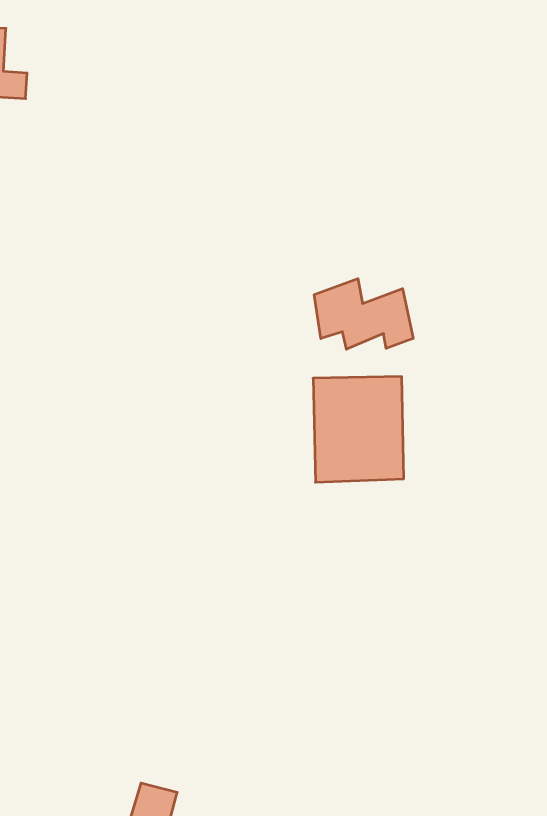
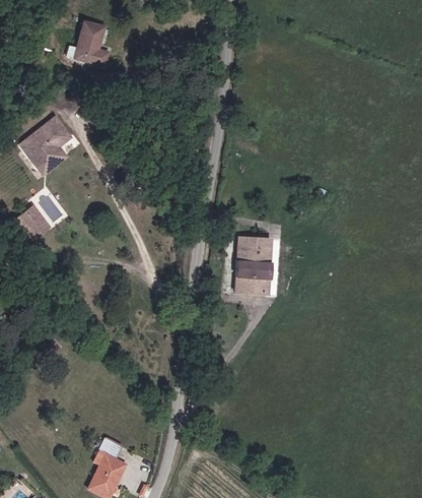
building: [314,279,413,349] -> none

